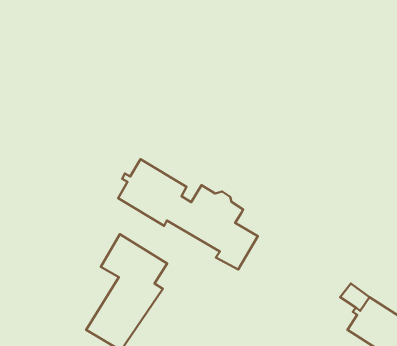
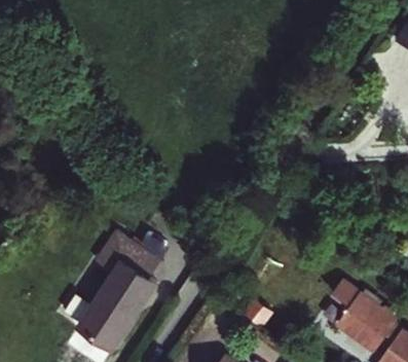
building: [118,159,258,270] -> none

